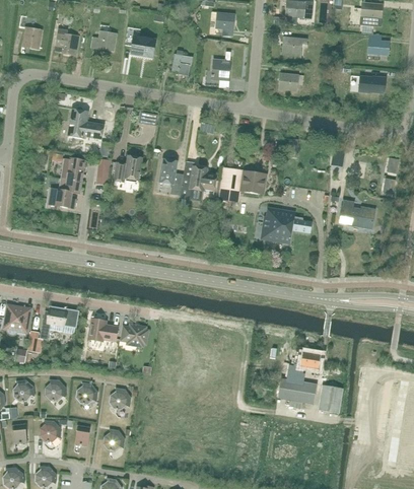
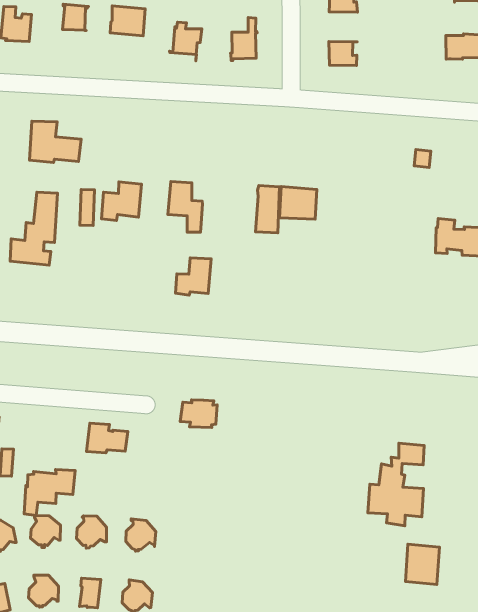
building: [181,165,207,191] -> [176,258,211,295]
building: [260,207,312,243] -> none
building: [40,308,77,339] -> [24,469,75,516]
building: [121,325,147,345] -> [180,400,217,428]
building: [318,383,343,413] -> [405,544,439,585]

